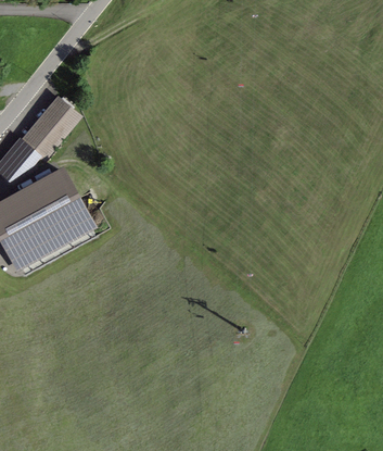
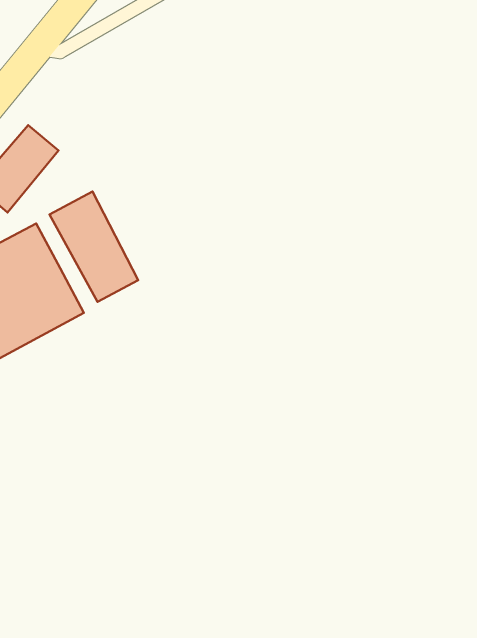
building: none -> [50,191,138,302]

